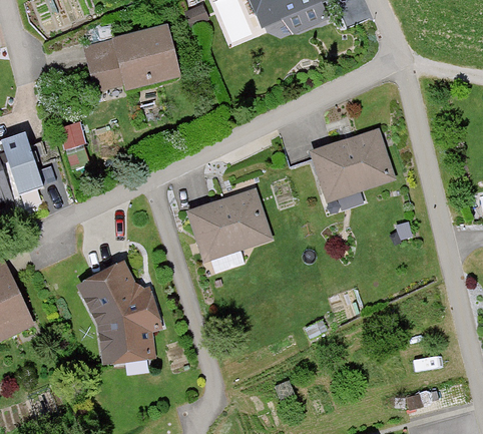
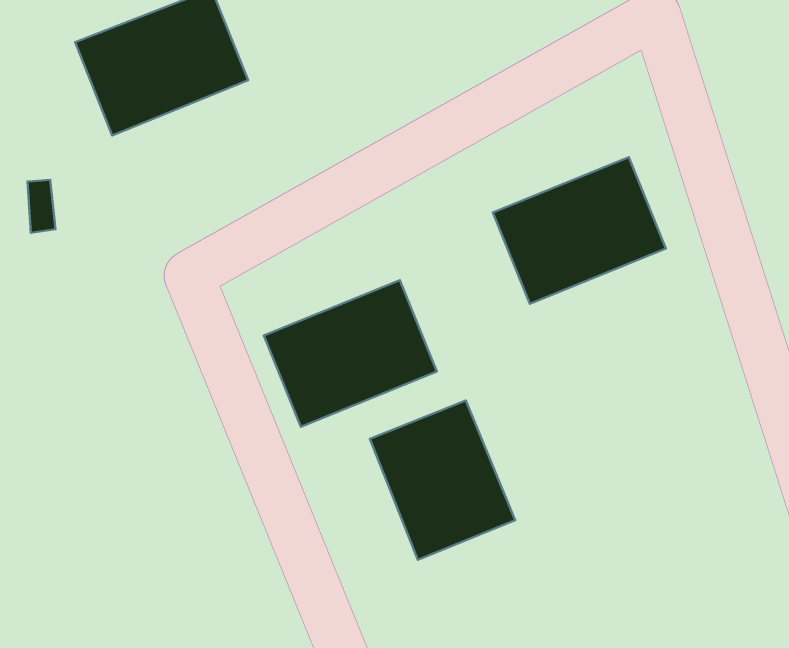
building: none -> [370,401,515,560]
building: [77,265,161,363] -> none

